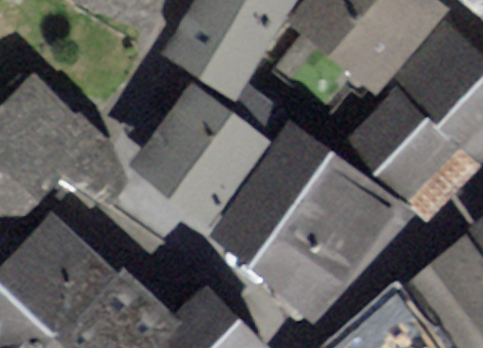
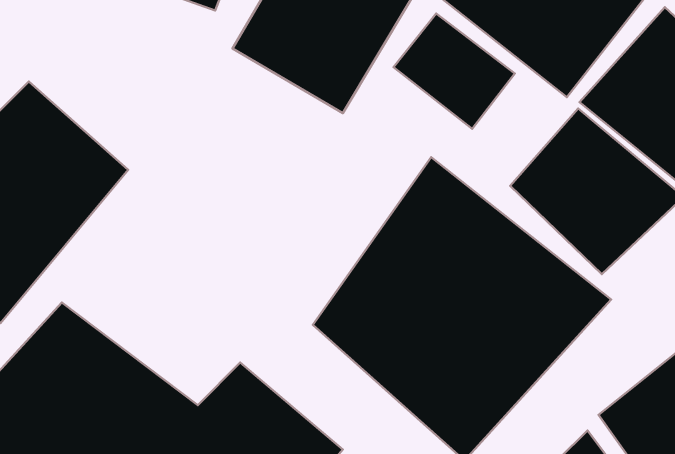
building: [135,86,265,217] -> none

